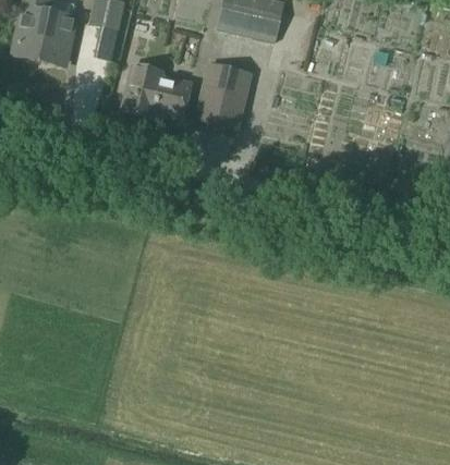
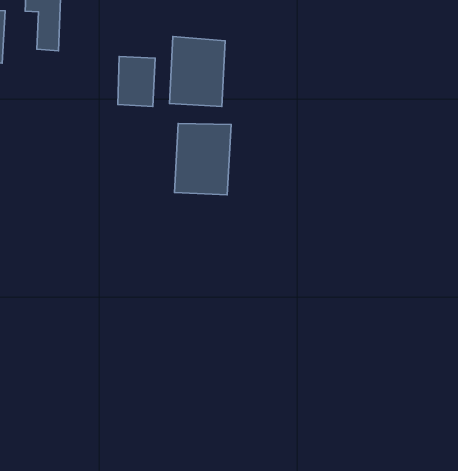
building: [121,63,163,118] -> none
building: none -> [174,123,231,195]

